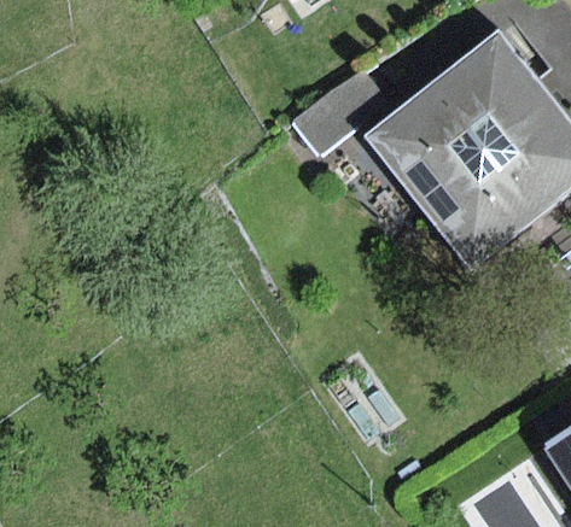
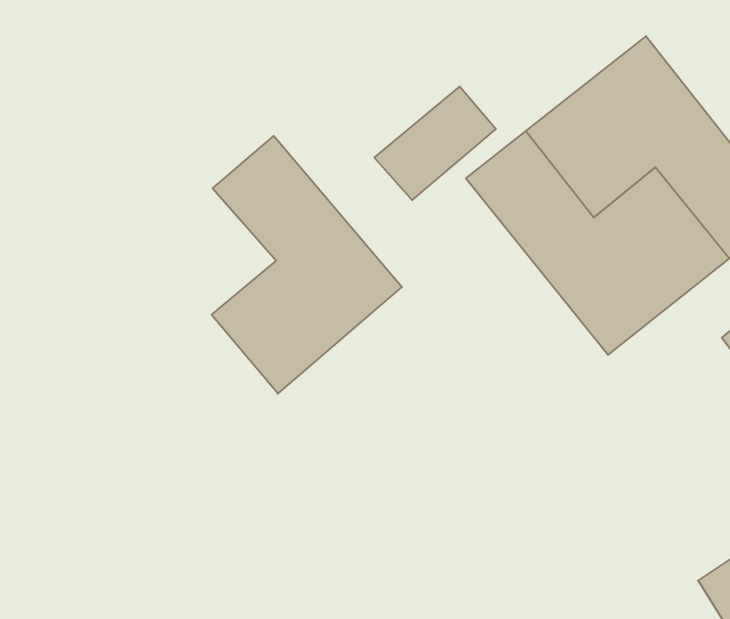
building: none -> [212,136,402,394]

